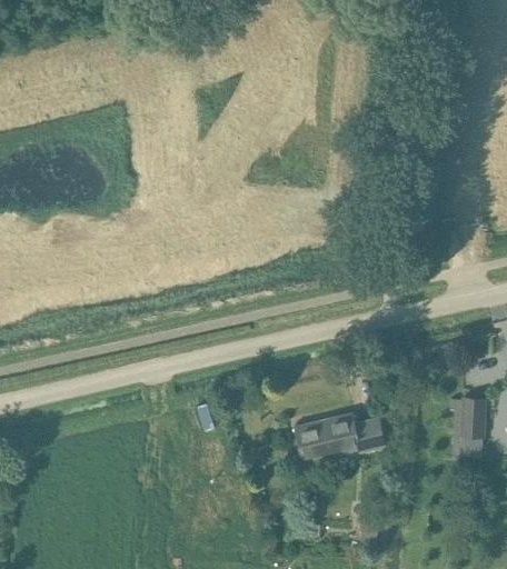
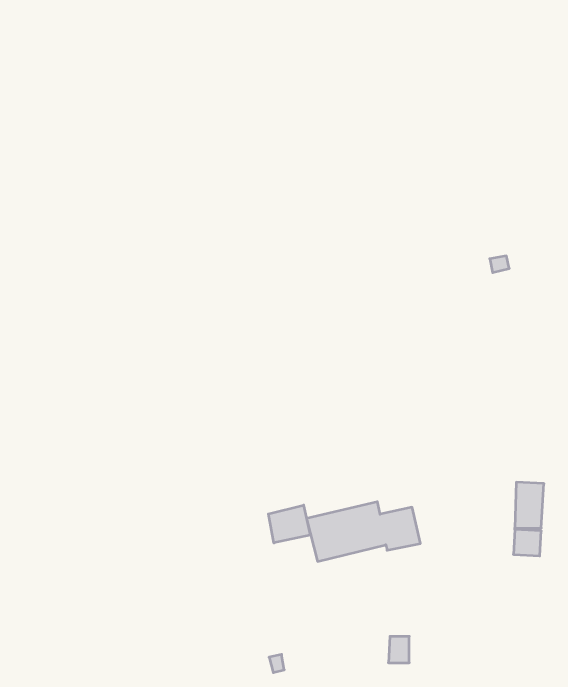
building: none -> [268,505,310,543]

